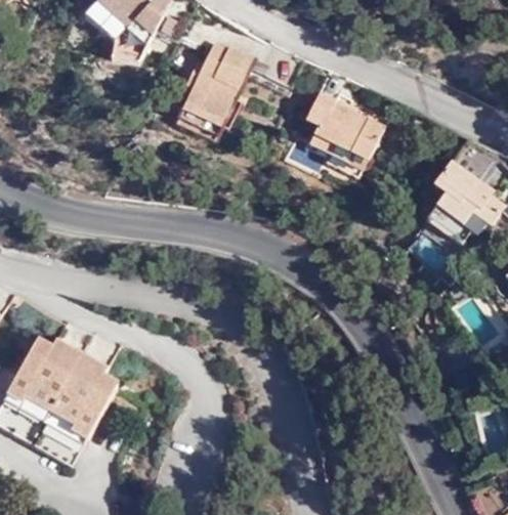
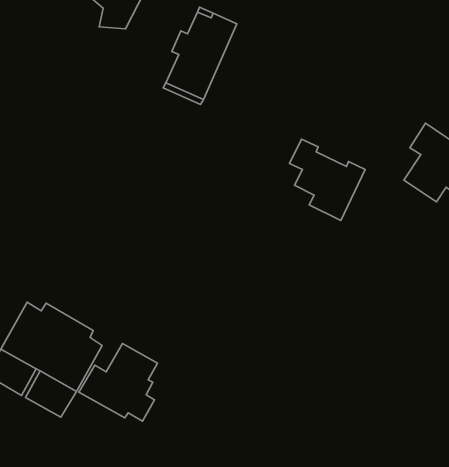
building: [308,88,387,173] -> [290,139,365,221]
building: none -> [79,343,158,421]

